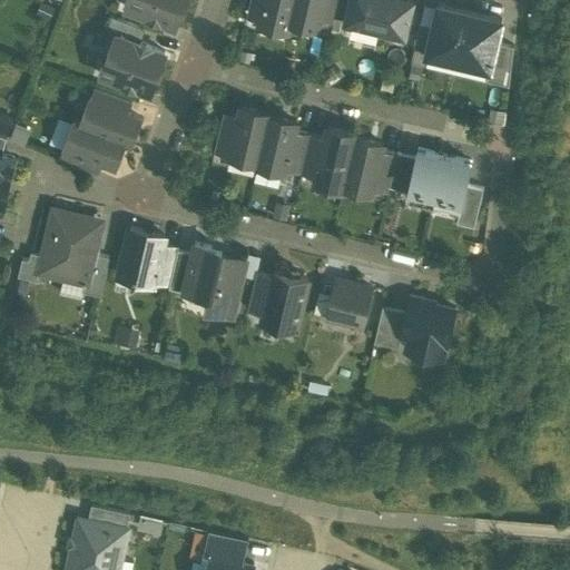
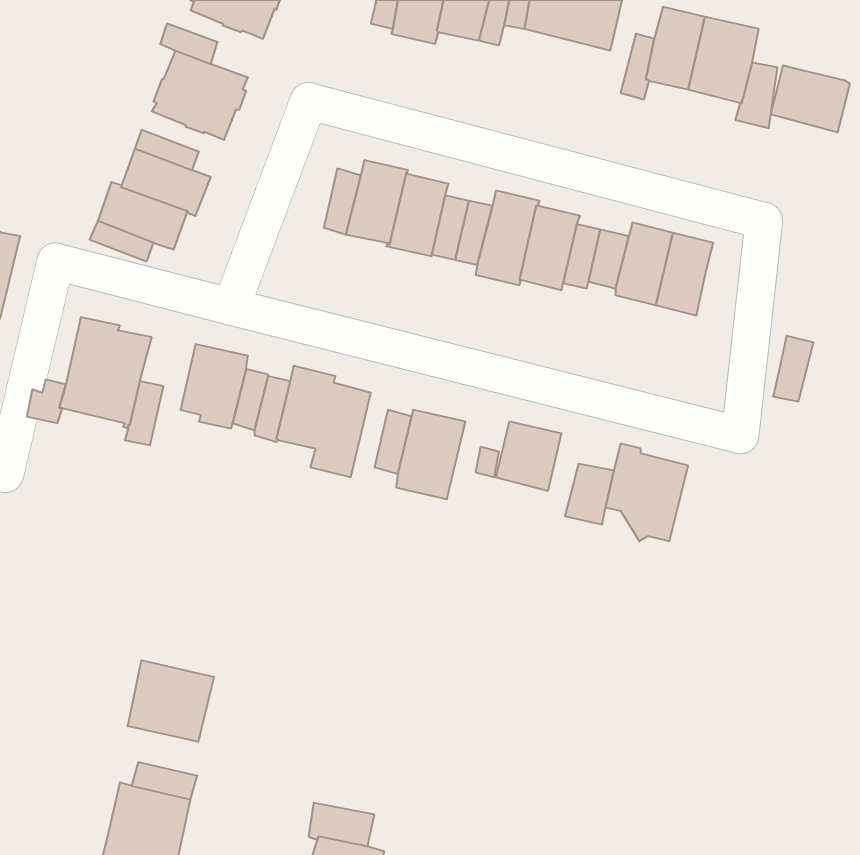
building: none -> [771,65,850,133]
building: [456,187,483,230] -> [773,336,814,401]
building: none -> [128,660,214,742]

